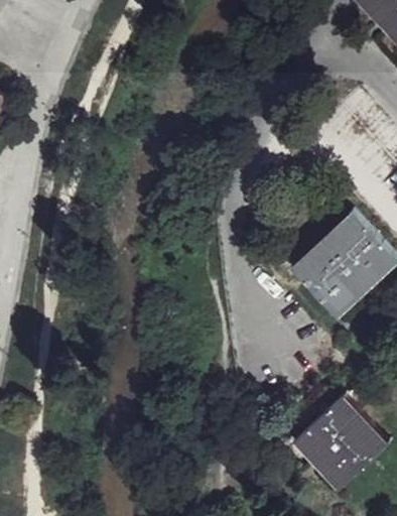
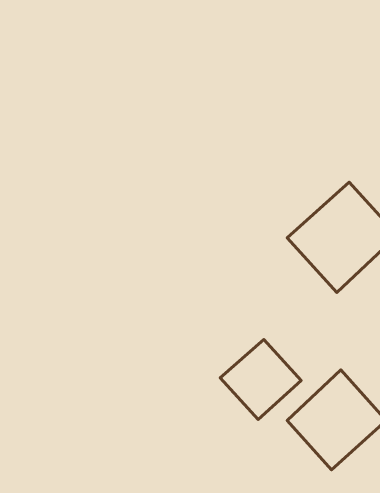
building: none -> [220,340,301,419]

